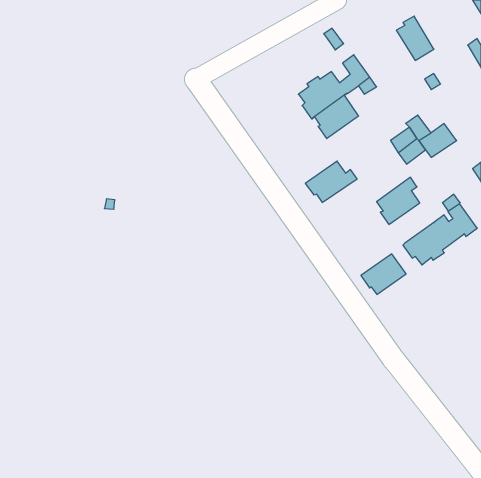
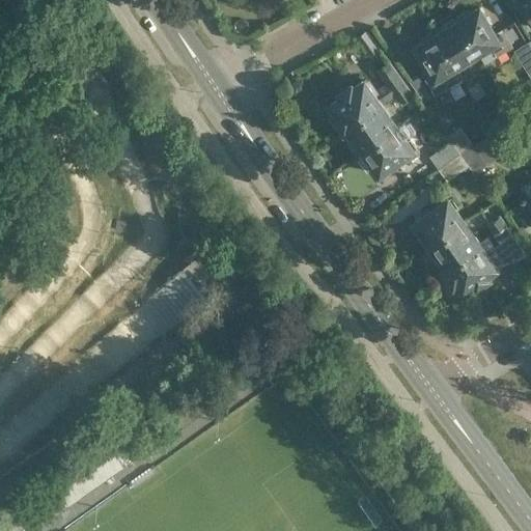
building: none -> [456,11,513,60]
building: none -> [415,36,464,99]
building: [305,161,357,202] -> [360,132,417,177]
building: [361,254,406,294] -> [428,227,478,272]

